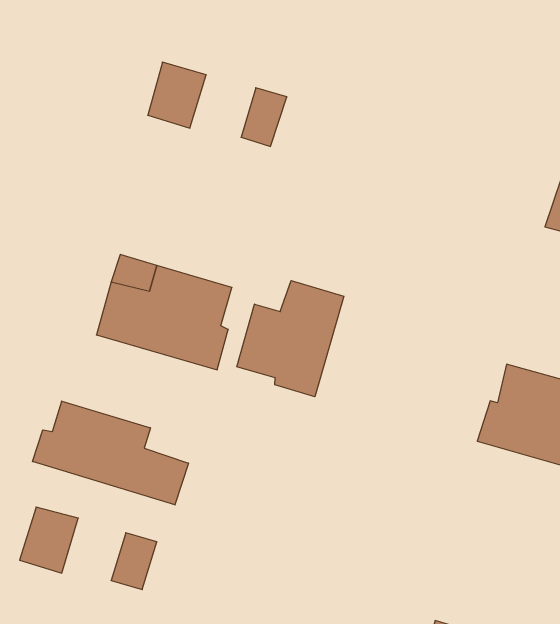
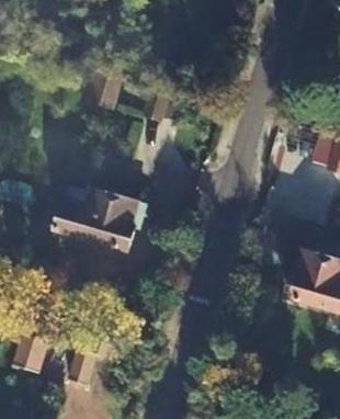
building: [237,281,344,397] -> none
building: [33,401,188,505] -> none

